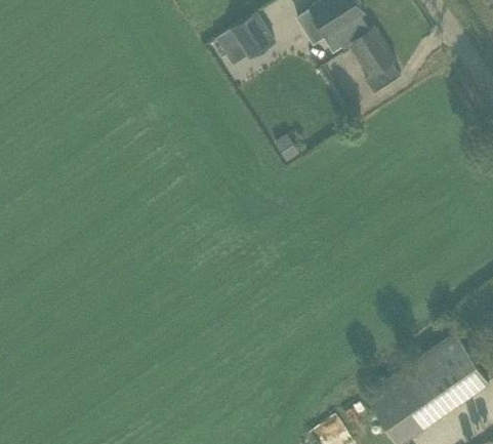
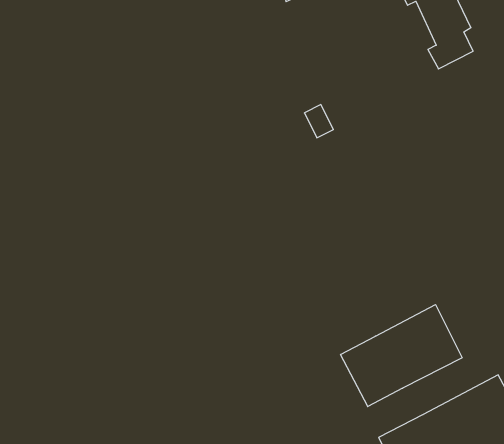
building: none -> [341,305,462,407]

